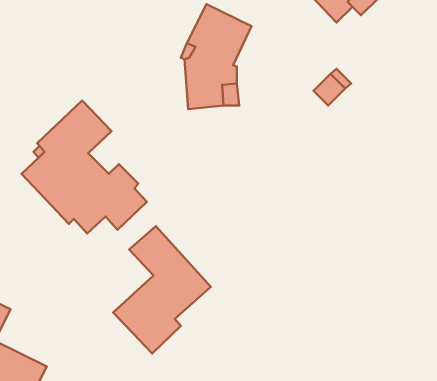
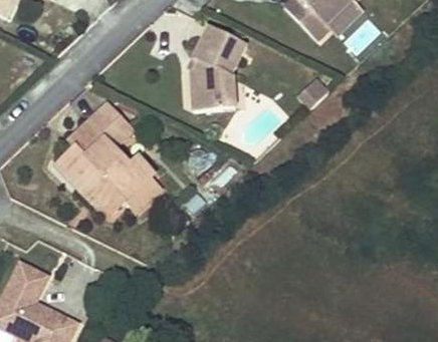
building: [113,226,211,354] -> none

